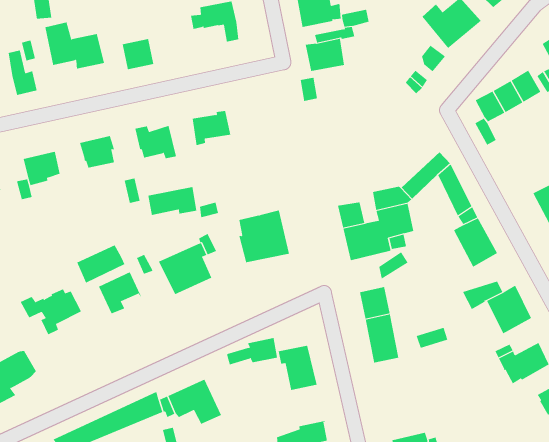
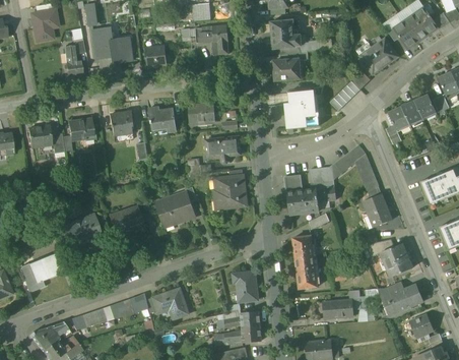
building: none -> [283,89,319,129]
building: [148,187,197,216] -> [206,136,240,155]
building: [77,244,125,283] -> none
building: [226,337,279,365] -> [224,311,261,327]
building: none -> [323,299,360,318]

